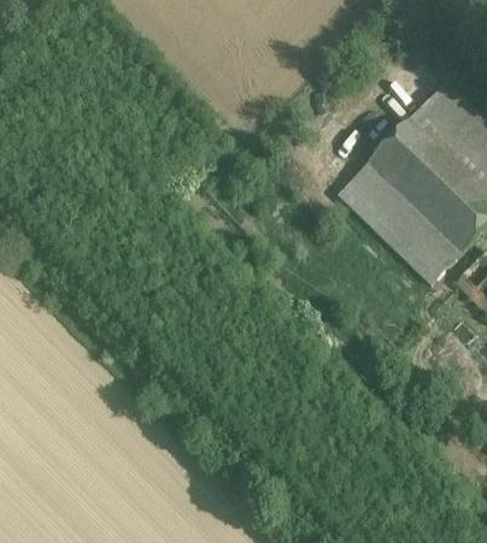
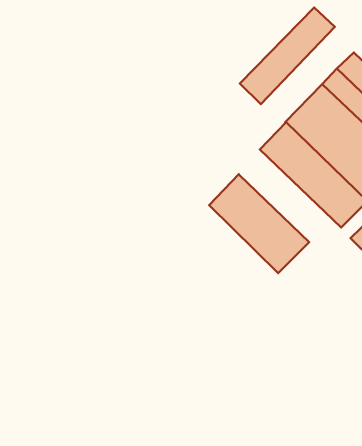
building: none -> [240,7,335,104]
building: none -> [209,174,309,273]

